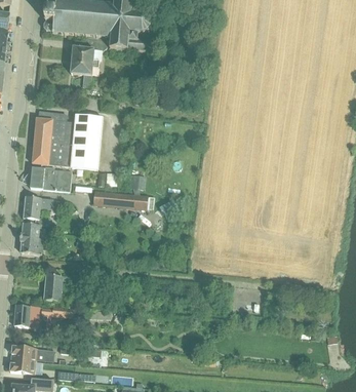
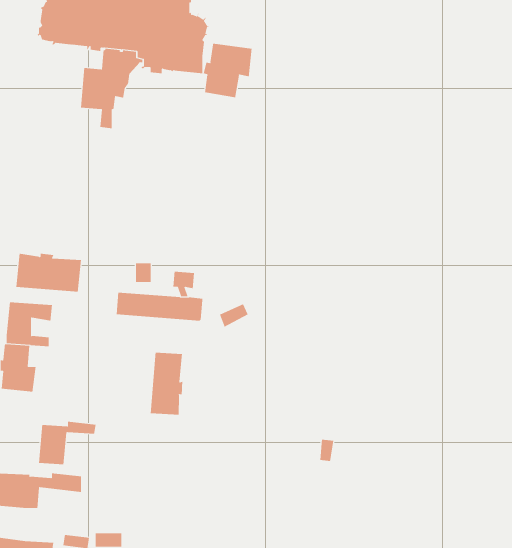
building: none -> [203,43,252,98]
building: [30,111,103,169] -> none
building: none -> [150,352,183,416]

